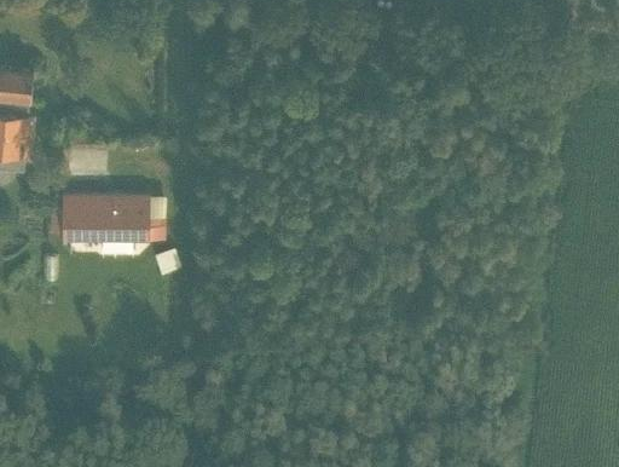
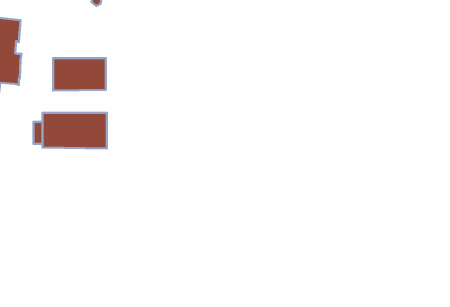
building: none -> [53,58,106,91]

